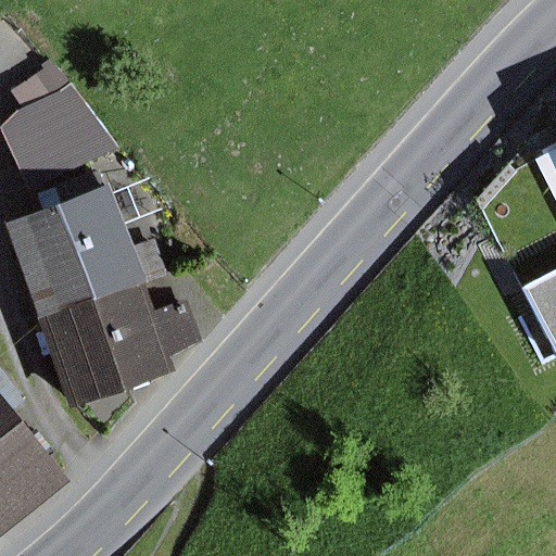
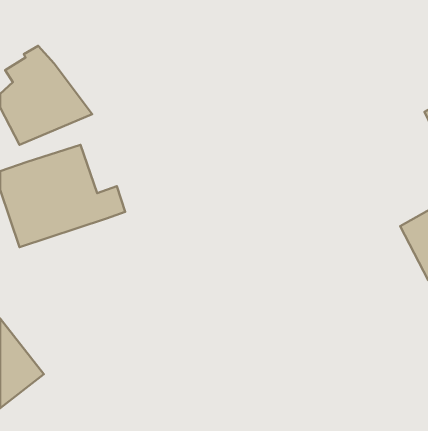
building: [30,280,203,409] -> none

